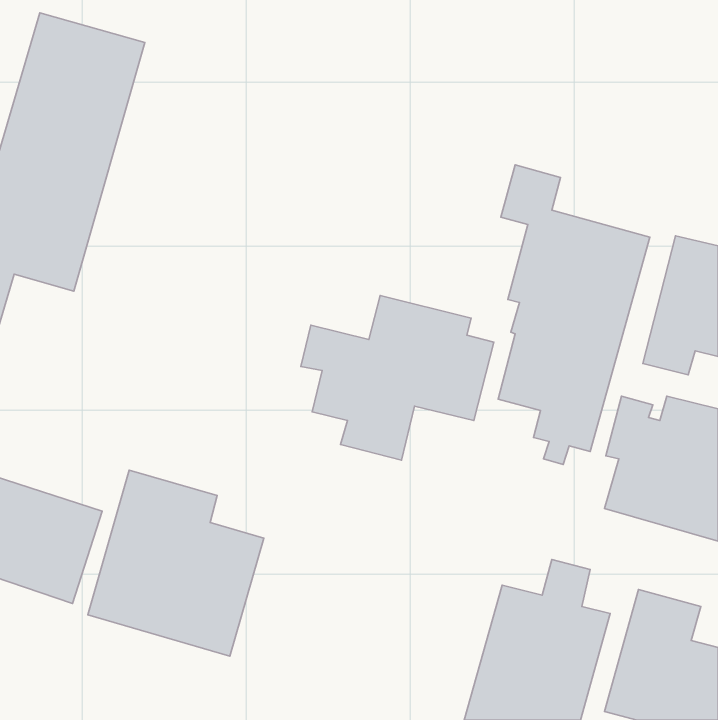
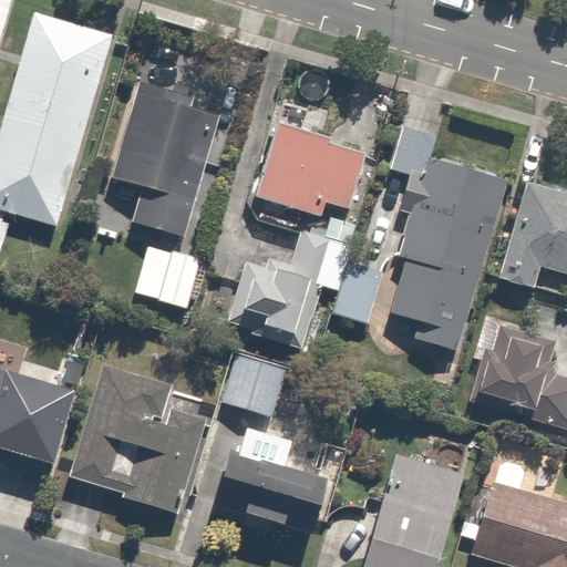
building: none -> [106,83,219,241]
building: none -> [251,121,370,228]
building: none -> [130,243,200,308]
building: none -> [220,354,279,417]
building: none -> [215,433,340,544]

